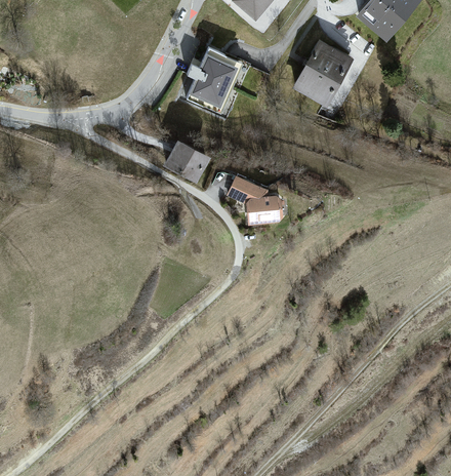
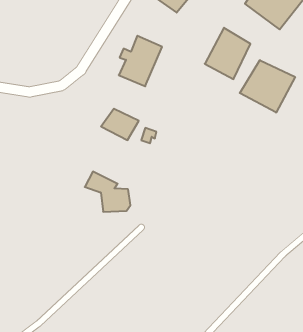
building: none -> [240,60,295,113]
building: [227,174,285,226] -> [85,172,130,212]

